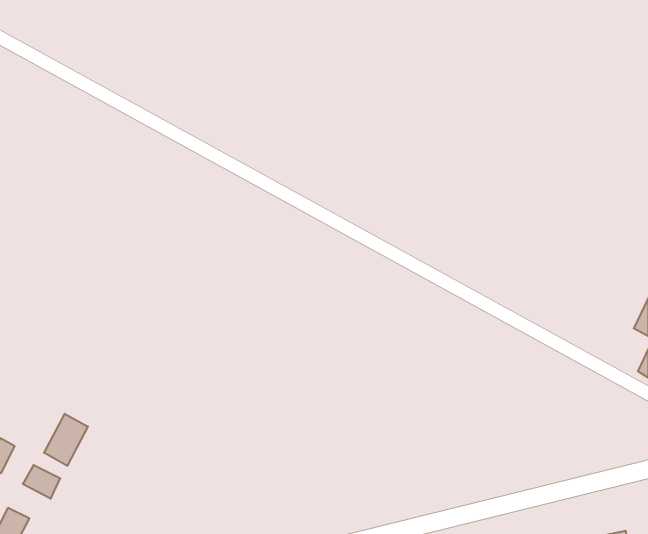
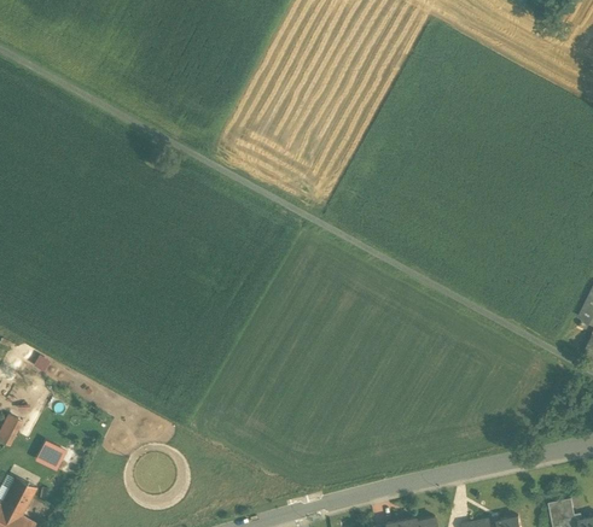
building: [44,414,88,466] -> none

